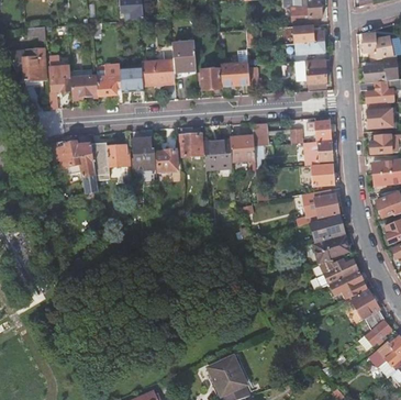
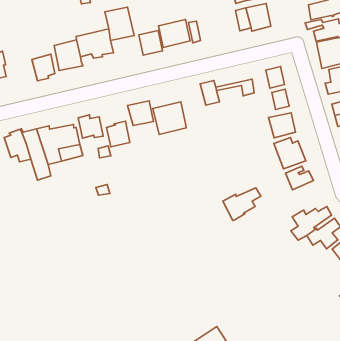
building: [71,76,93,98] -> none
building: [230,135,255,160] -> none
building: [311,236,347,264] -> [223,188,261,220]

